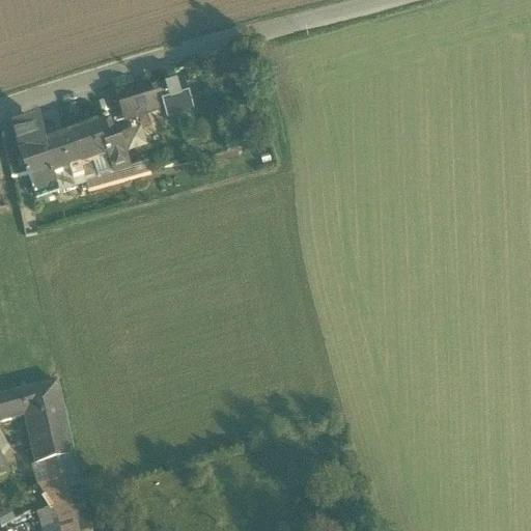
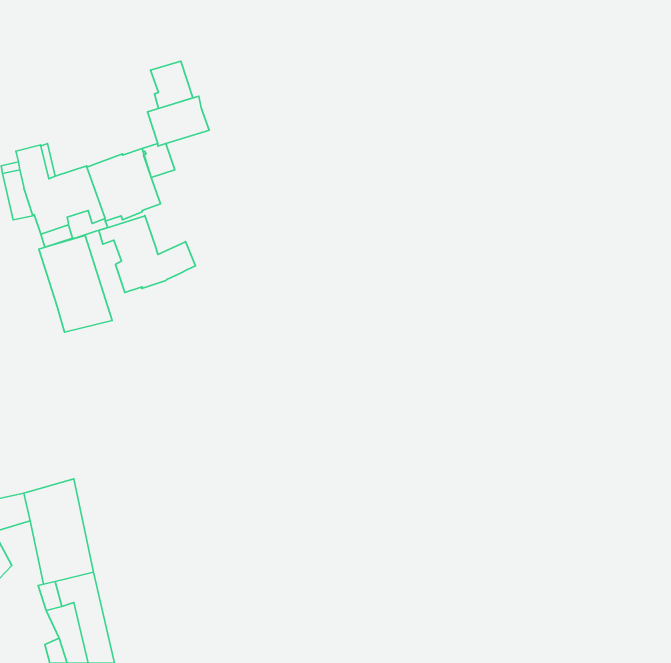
building: [159,78,192,115] -> [151,61,193,108]
building: none -> [99,216,195,293]
building: none -> [39,236,112,332]

